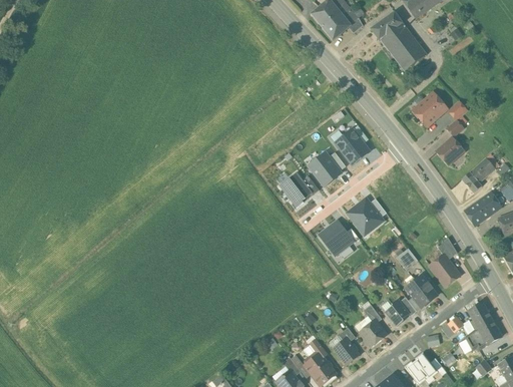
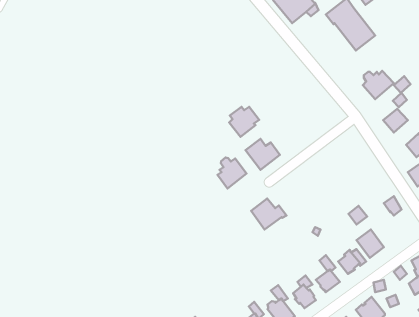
building: [331,125,370,165] -> none
building: [312,152,346,186] -> [229,107,259,137]
building: none -> [218,158,247,188]
building: [348,199,387,233] -> none
building: [320,221,360,256] -> [251,199,287,229]
building: [430,255,460,287] -> none

